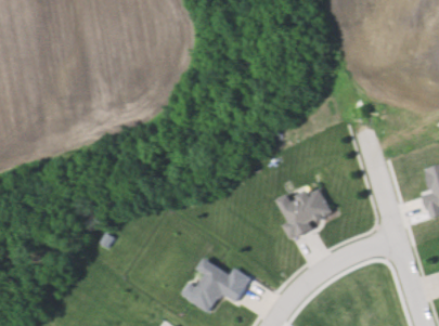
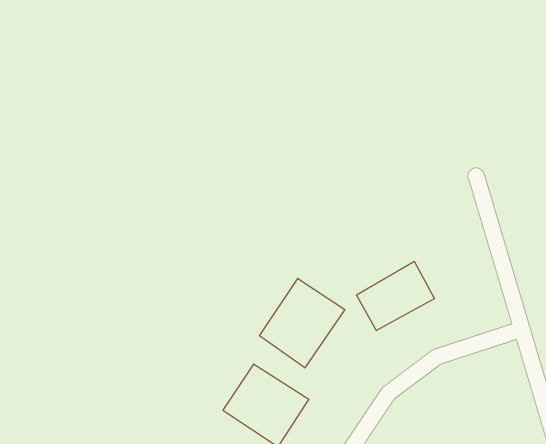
building: none -> [260,278,345,368]

